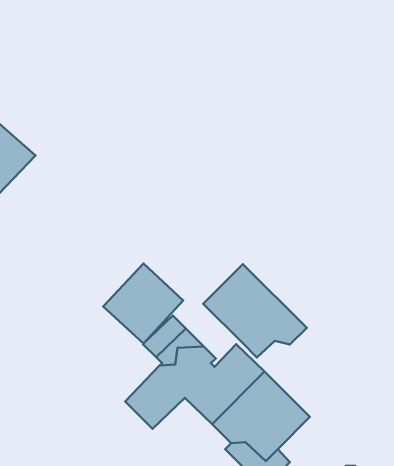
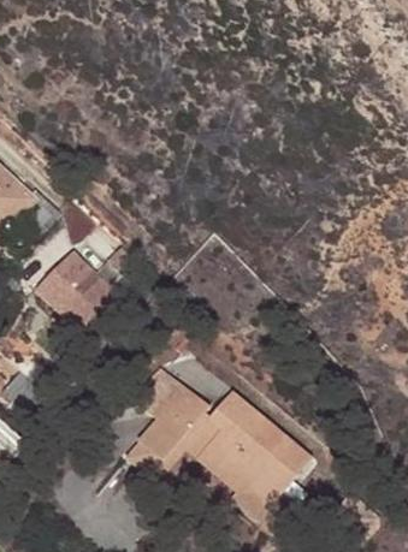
building: [103,264,183,343] -> [30,243,111,324]
building: [203,264,307,357] -> none

